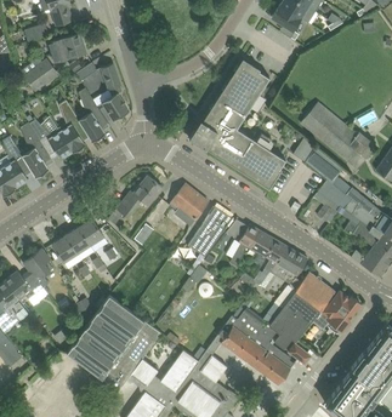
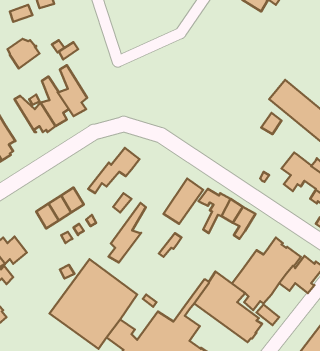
building: [51,34,85,62] -> none
building: [189,58,285,188] -> none
building: [101,64,129,121] -> none
building: [19,122,51,178] -> none
building: [305,148,342,183] -> none
building: [171,184,208,224] -> none
building: none -> [109,203,146,262]
building: [269,246,307,285] -> none
building: [23,249,53,287] -> none

